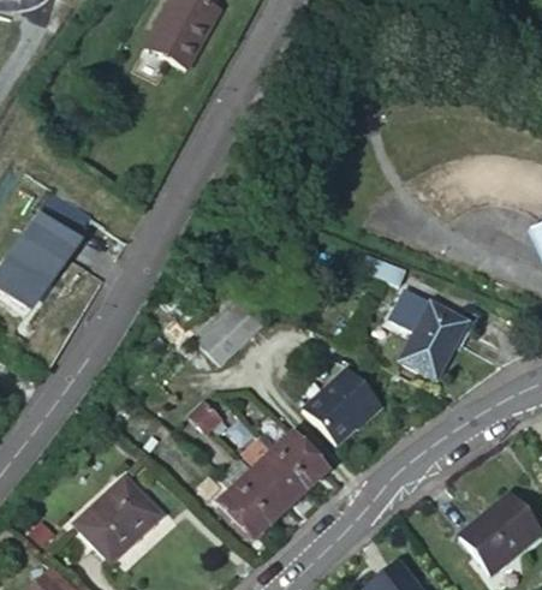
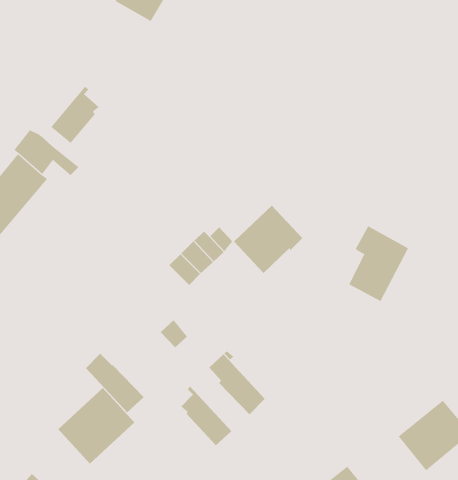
building: none -> [51,86,99,144]
building: [305,368,383,445] -> [233,205,303,274]
building: [275,435,328,489] -> none
building: [225,458,291,525] -> [85,353,144,413]

